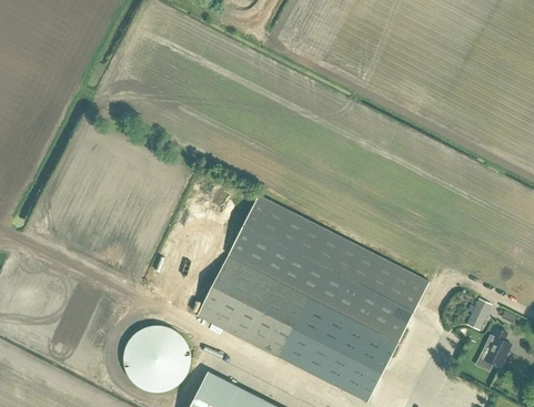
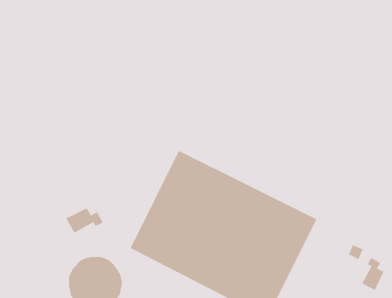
building: none -> [66,208,104,233]

